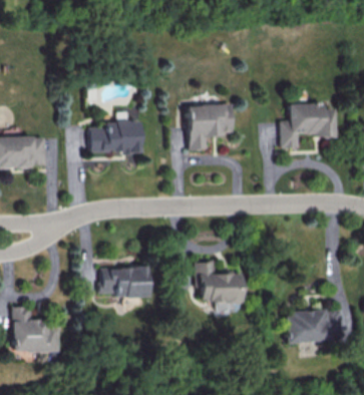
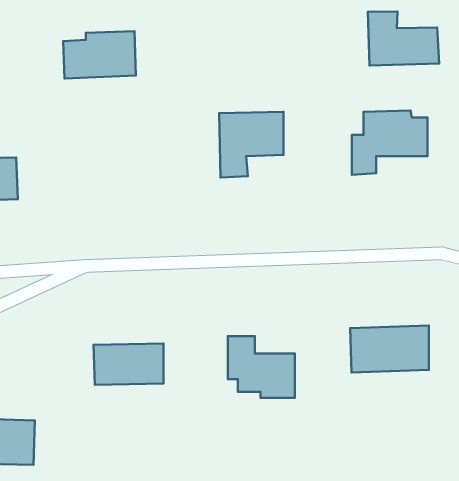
building: none -> [368,11,439,66]
building: [90,120,141,153] -> [63,31,136,78]
building: [287,310,342,343] -> [350,325,429,373]

